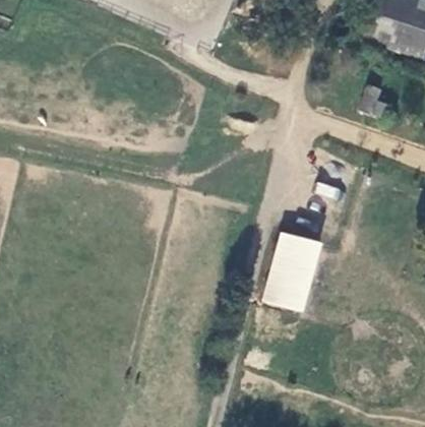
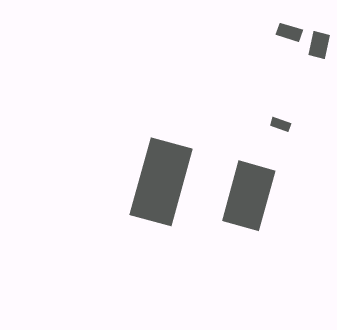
building: none -> [129,136,194,227]

